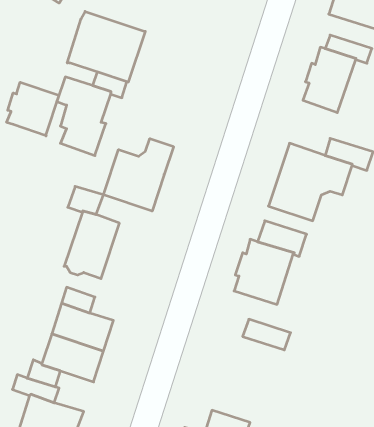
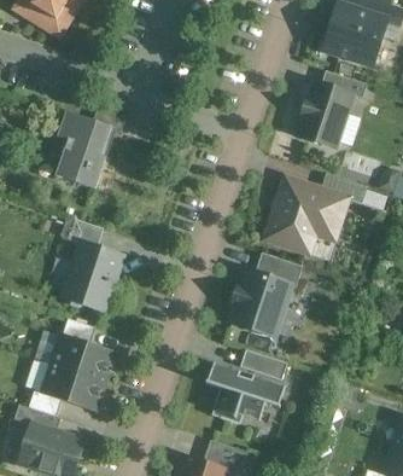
building: [67,11,145,82] -> none
building: [7,82,59,136] -> none
building: [103,139,174,211] -> none
building: none -> [205,364,284,424]

